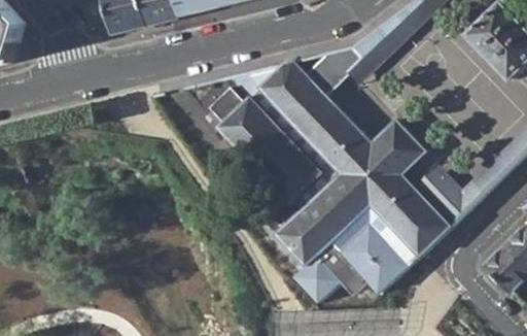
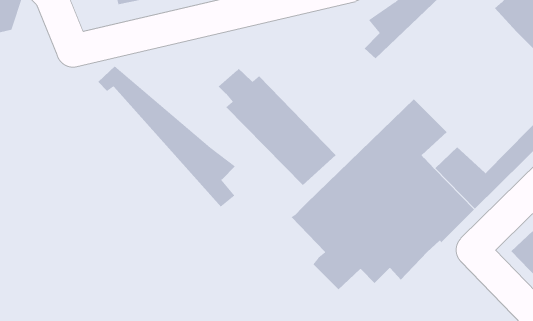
building: [257,46,361,163] -> none
building: none -> [98,66,236,207]

